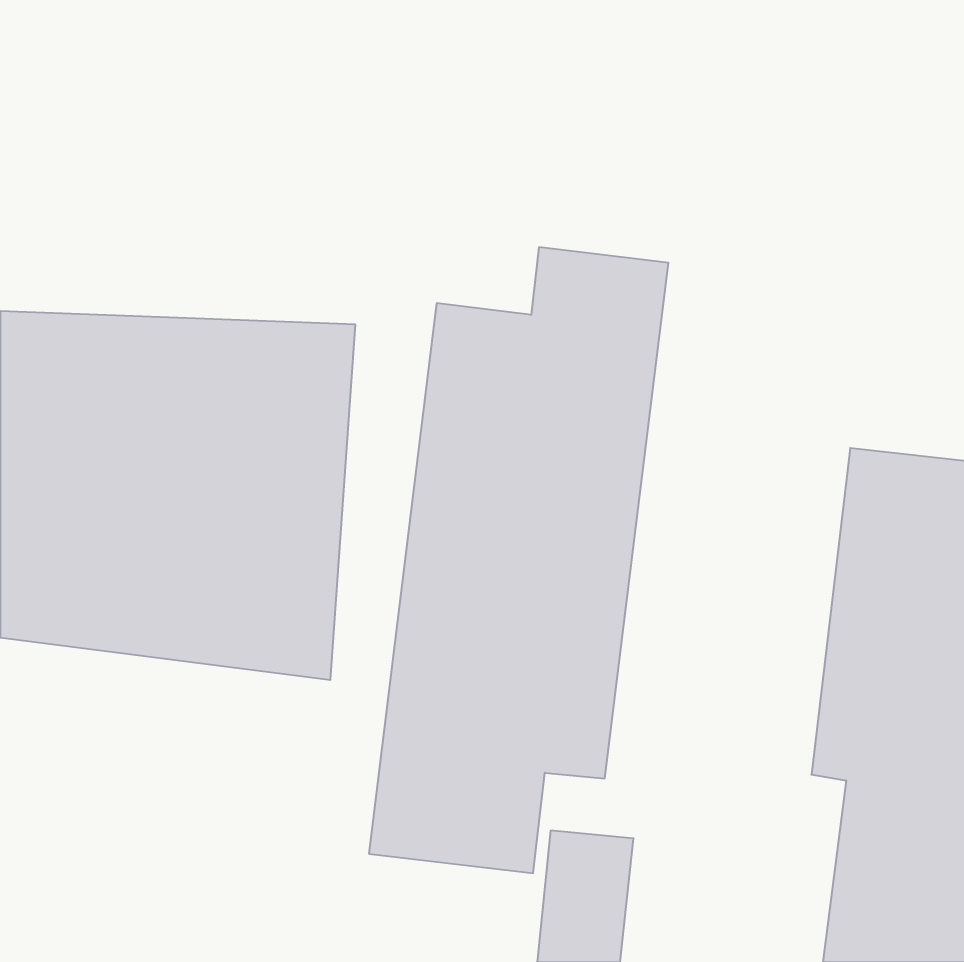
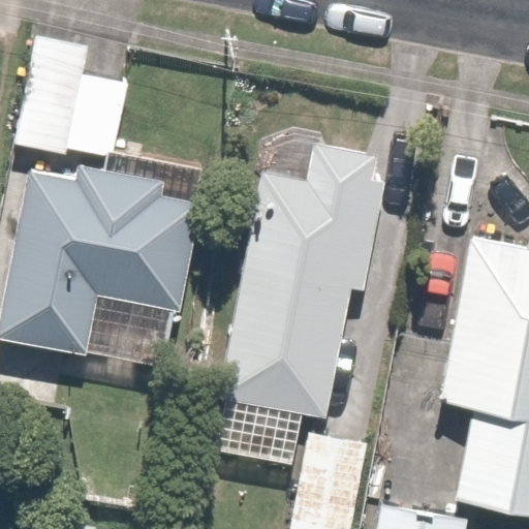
building: none -> [19,46,126,157]

